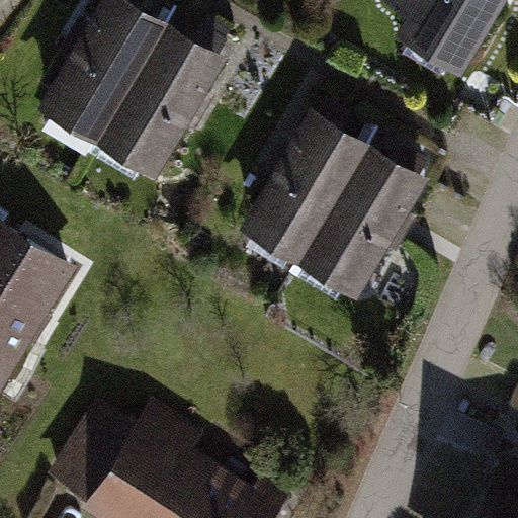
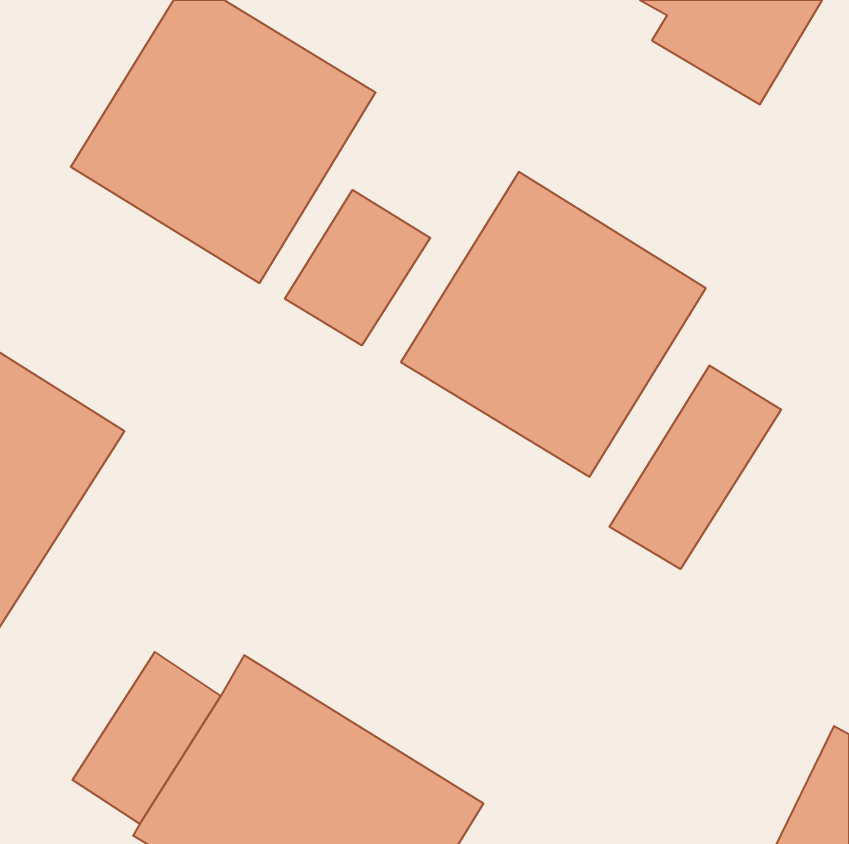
building: none -> [285,190,430,345]
building: none -> [609,365,781,569]

